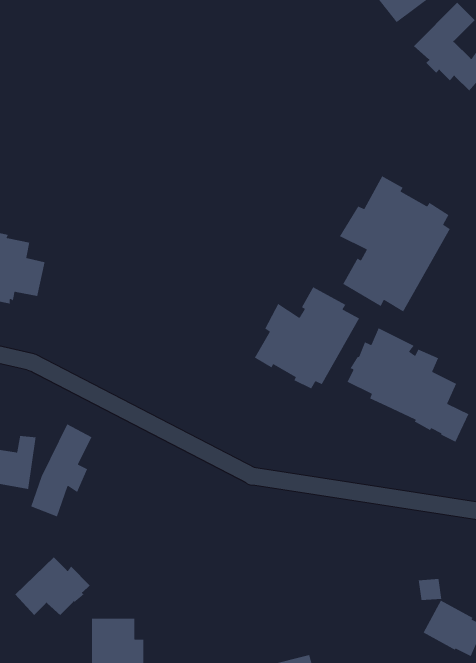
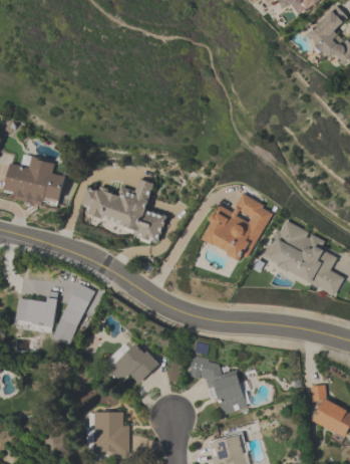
building: [339,175,451,313] -> none
building: none -> [81,179,166,243]
building: none -> [188,355,247,416]
building: [14,556,90,616] -> [109,344,159,384]

